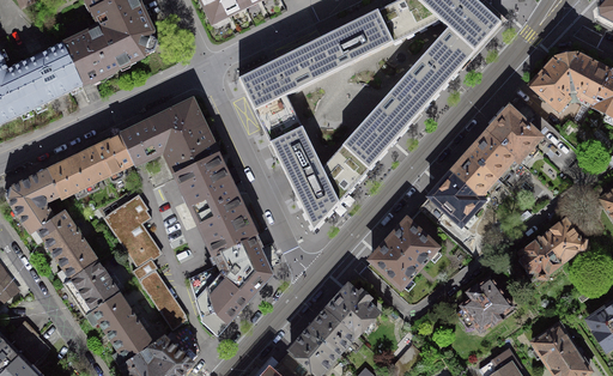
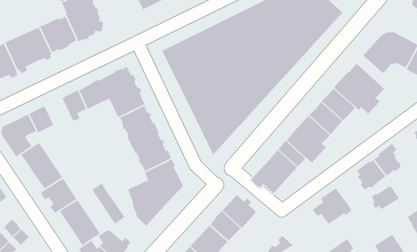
building: [71,146,108,186] -> none
building: [104,196,165,279] -> none
building: [530,323,571,359] -> [371,185,400,210]

